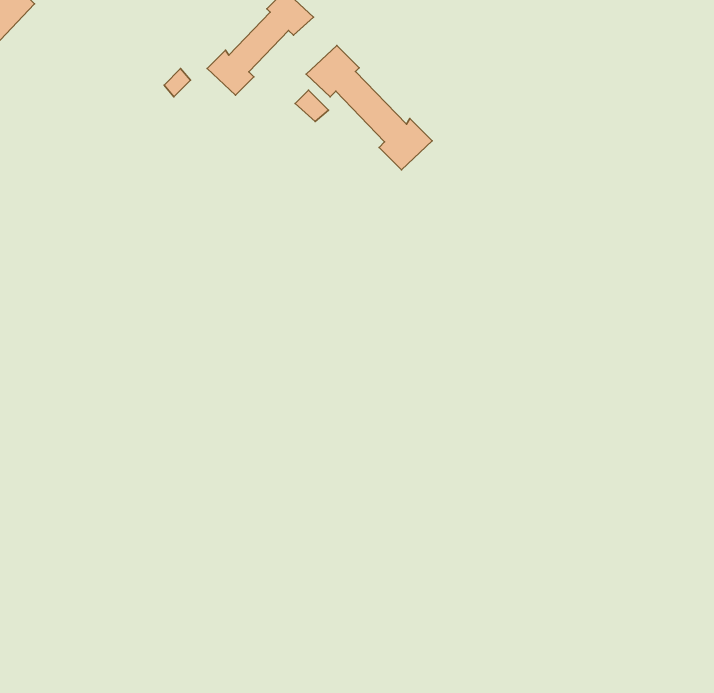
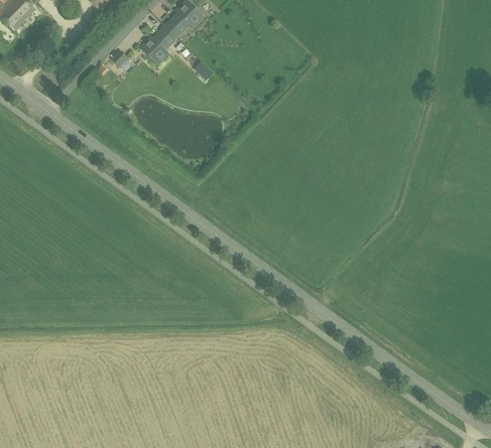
building: [306,46,432,170] -> none

